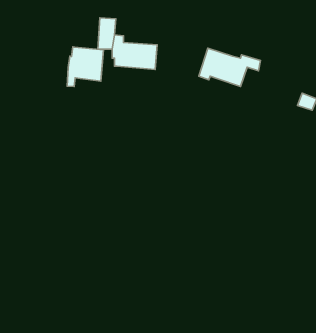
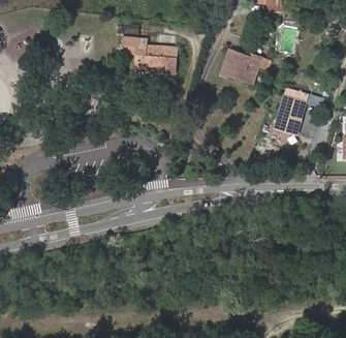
building: [67,47,104,86] -> none
building: none -> [275,90,305,135]

